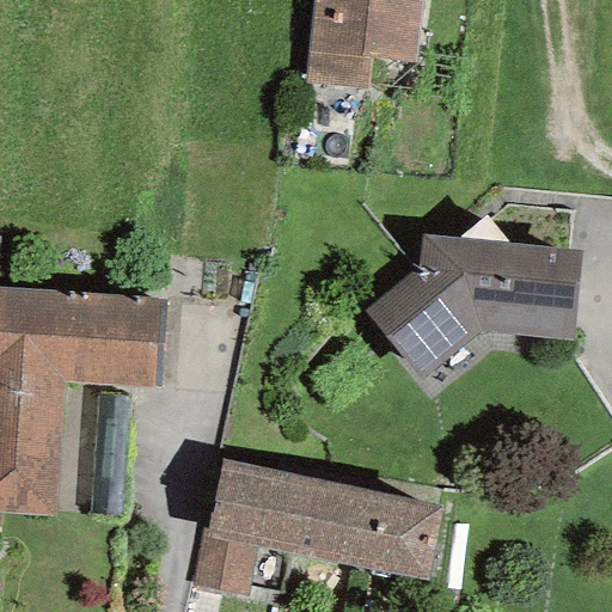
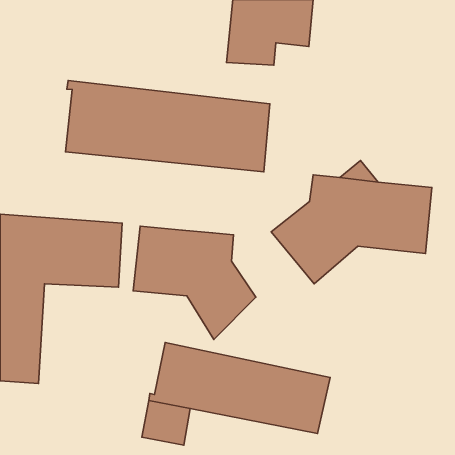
building: none -> [66,81,270,172]
building: none -> [133,226,256,340]

